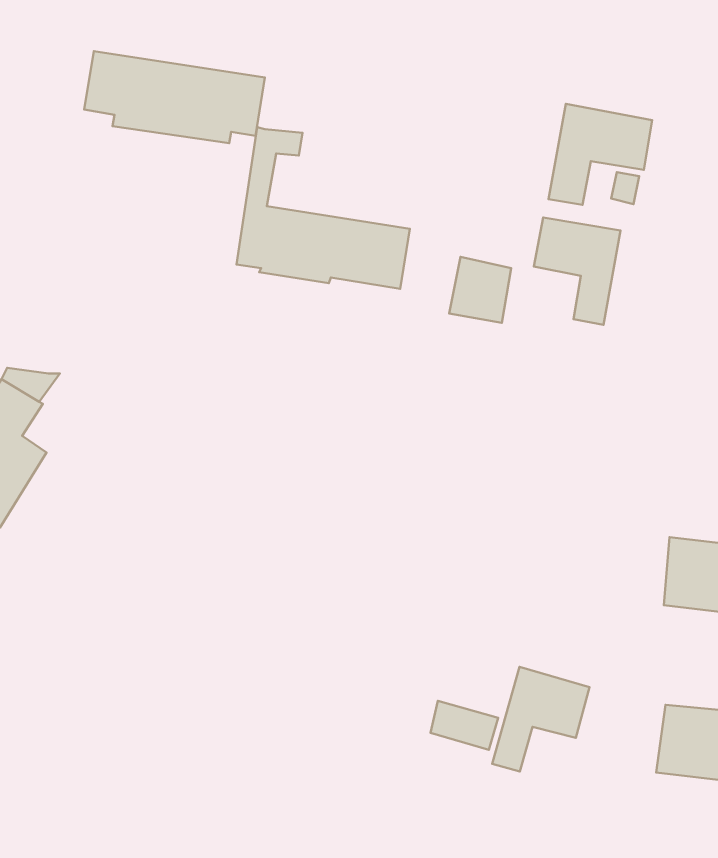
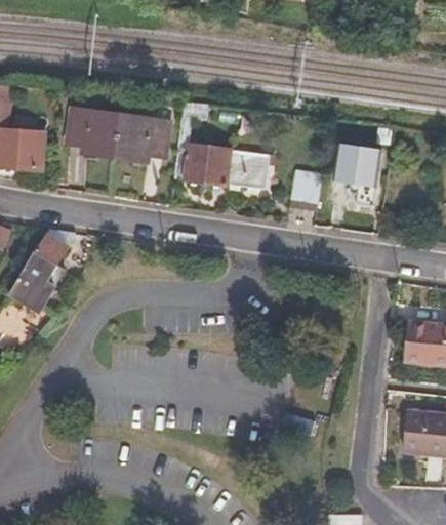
building: [84,51,265,143] -> [70,111,168,161]
building: [549,104,652,205] -> none
building: [492,667,590,771] -> none

